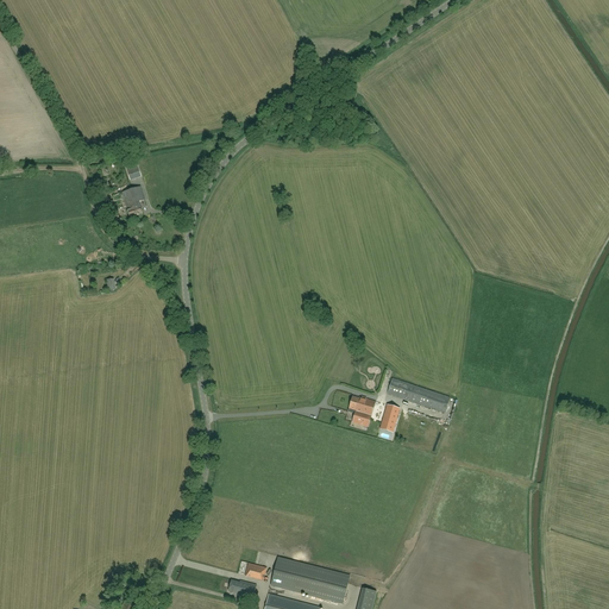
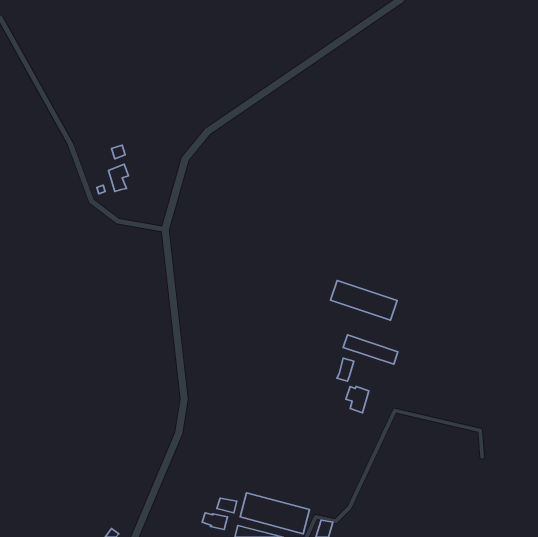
building: none -> [330,281,397,320]
building: [349,396,375,426] -> [346,387,369,413]

